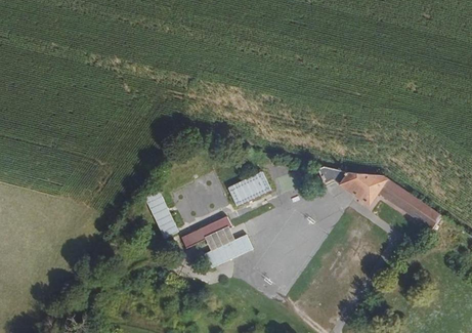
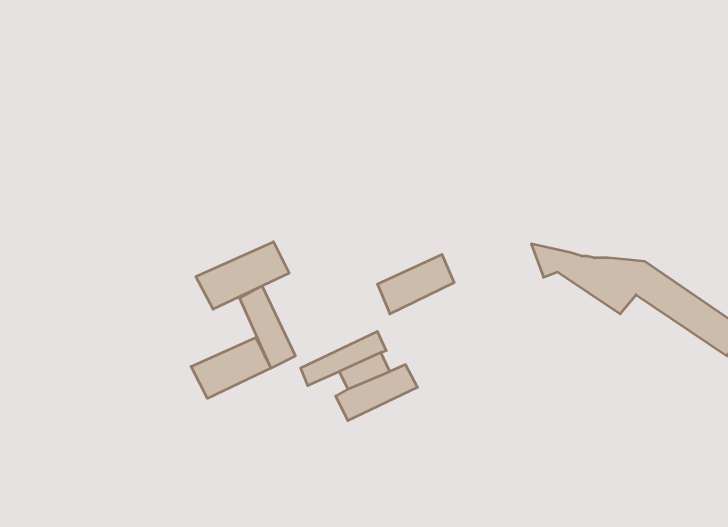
building: none -> [196,242,289,309]
building: none -> [191,338,271,398]

